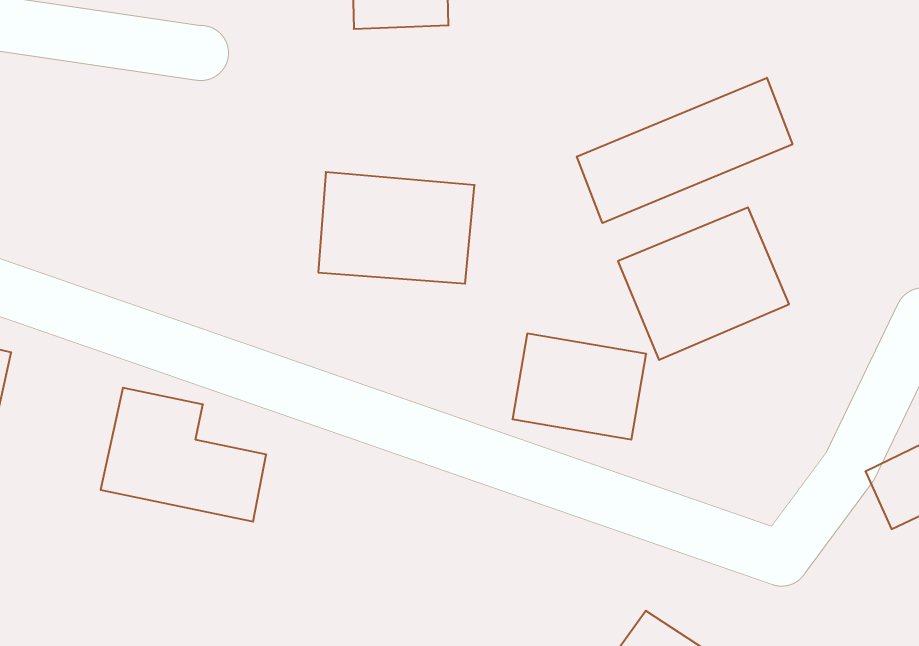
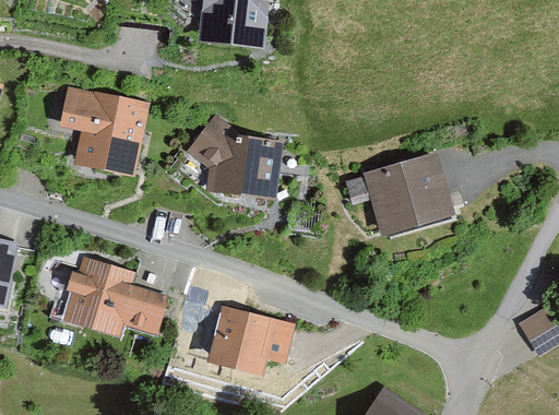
building: [577,78,792,223] -> none
building: none -> [51,86,138,177]
building: [512,334,646,440] -> [209,305,287,367]

